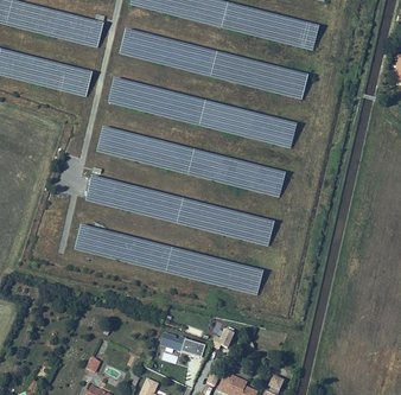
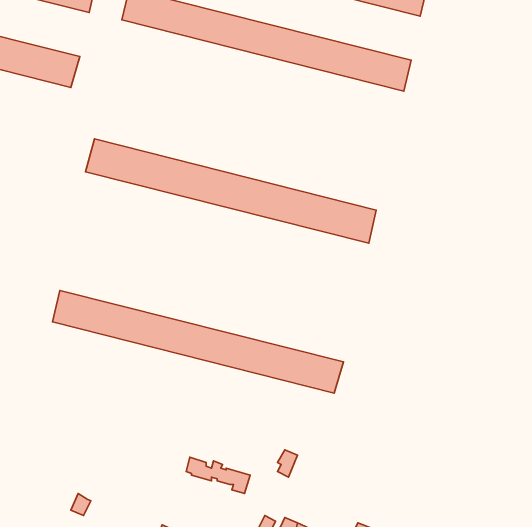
building: [108,78,297,146] -> none
building: [85,177,274,243] -> none

